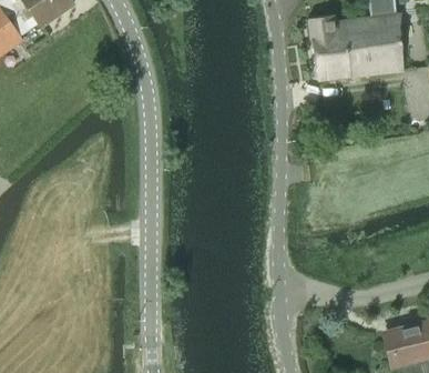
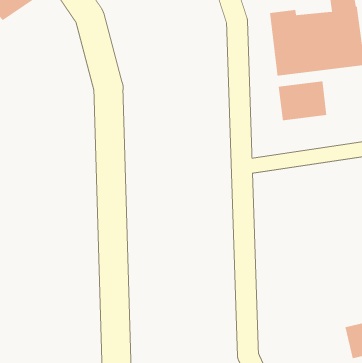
building: none -> [278,80,327,121]

